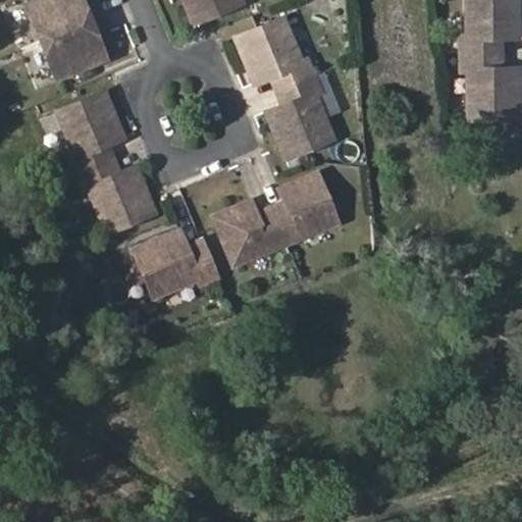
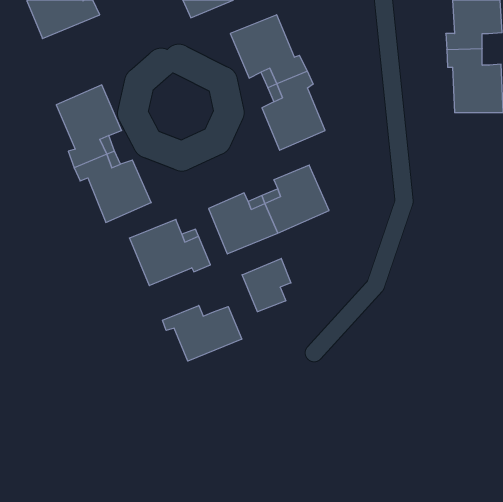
building: [44,18,110,80] -> none
building: none -> [242,258,291,312]
building: none -> [163,305,242,361]

